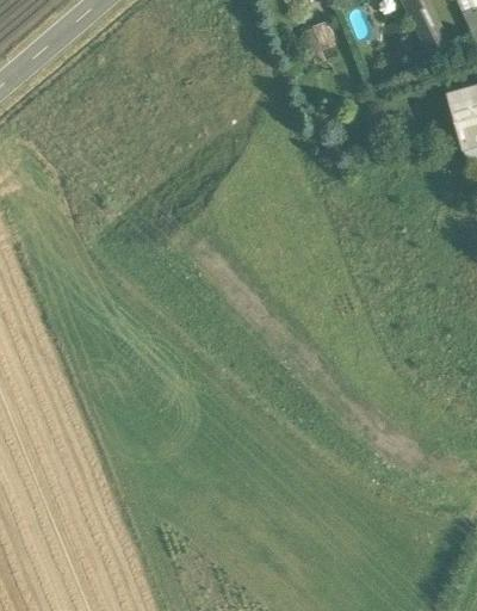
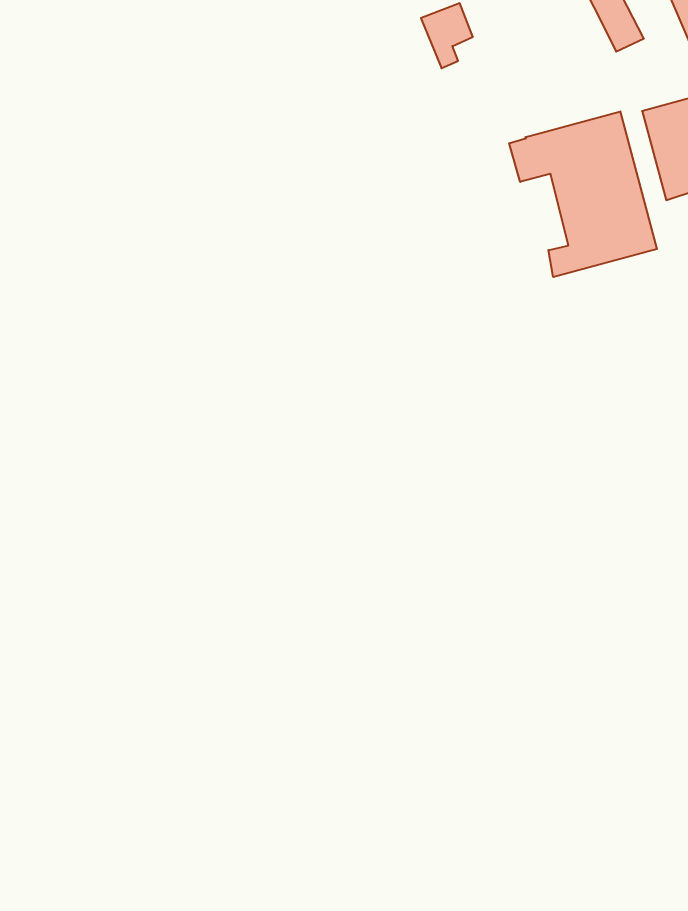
building: none -> [509,111,657,277]

